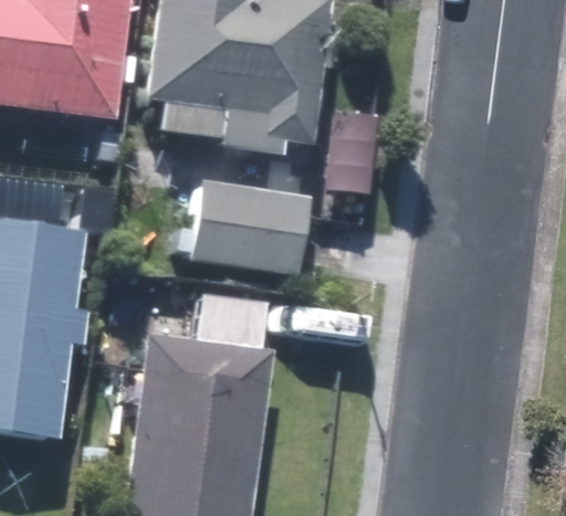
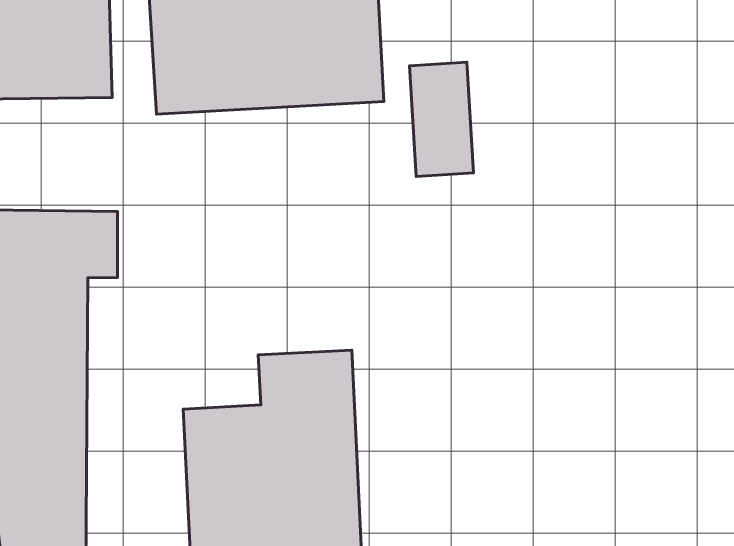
building: [187,188,310,284] -> none

